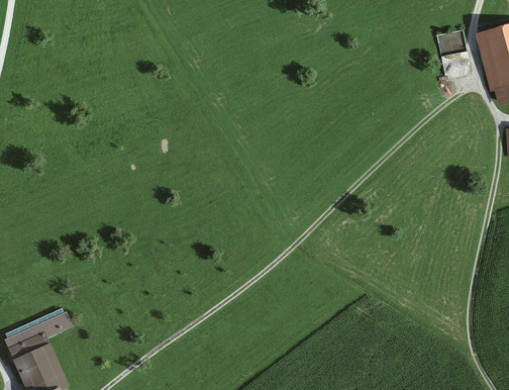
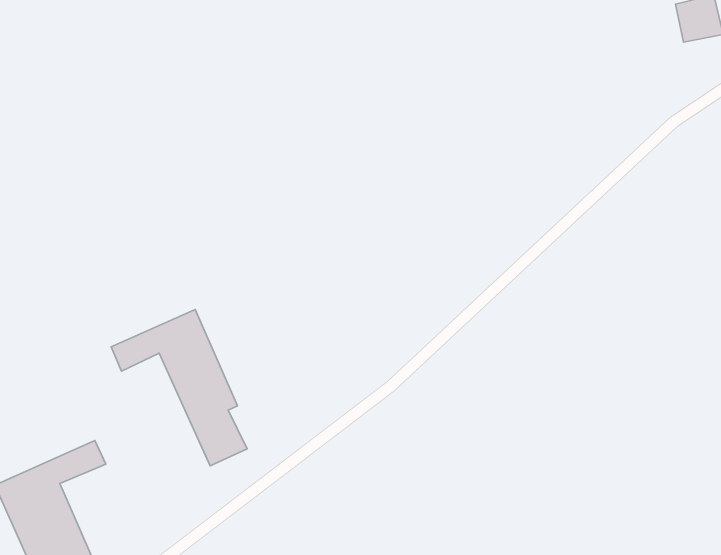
building: none -> [111,310,247,466]

